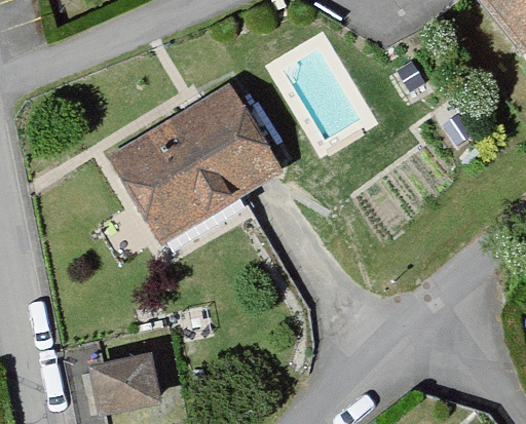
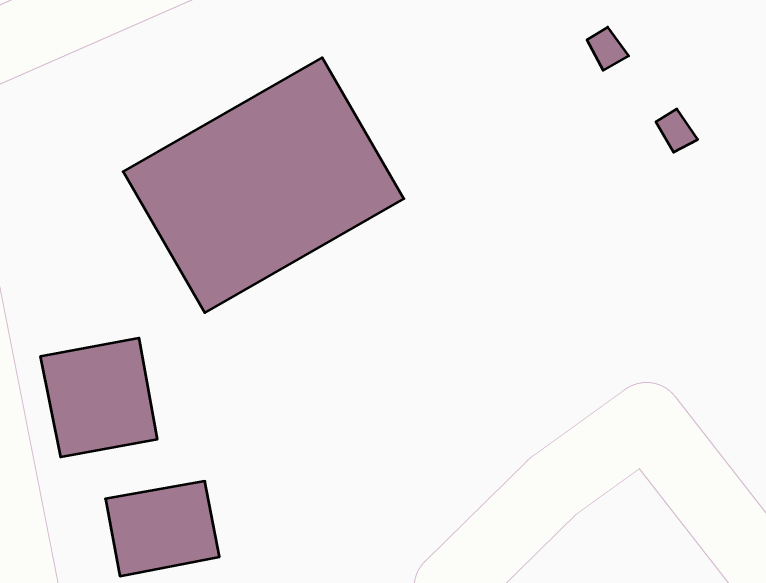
building: none -> [41,338,157,457]

